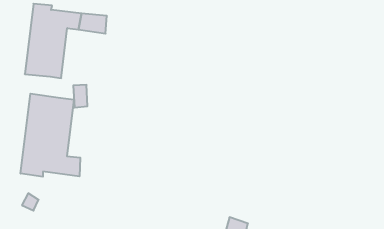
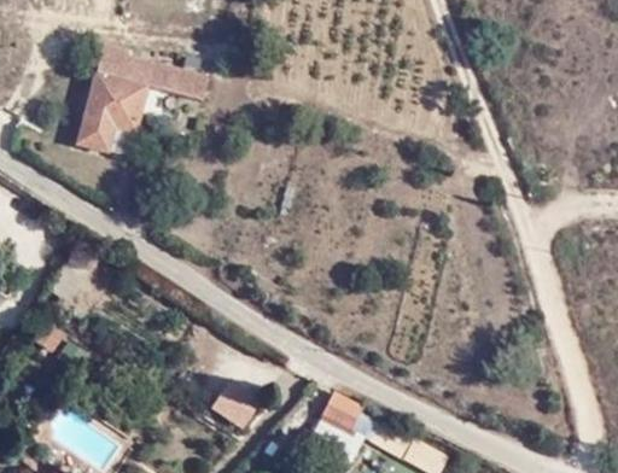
building: [21,94,80,177] -> none

